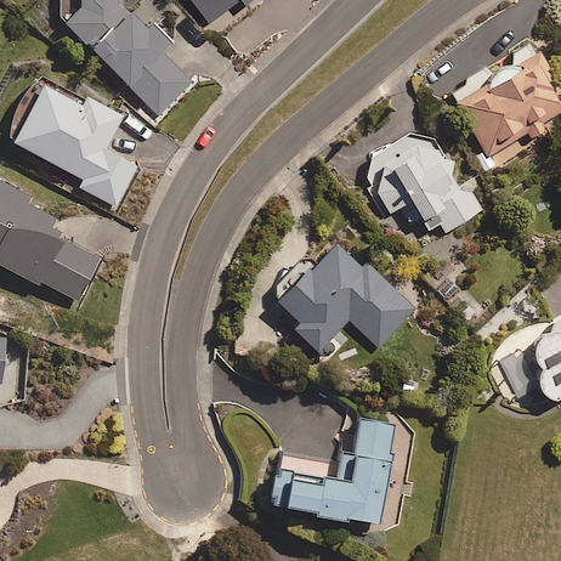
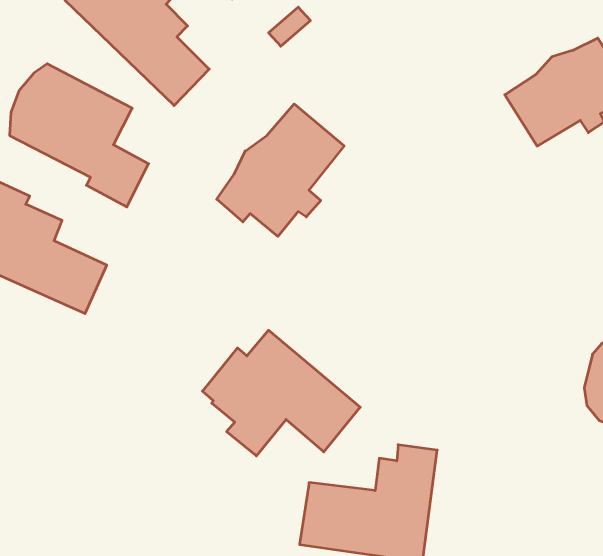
building: none -> [217,104,344,236]
building: [369,132,481,233] -> none
building: [273,239,415,352] -> [202,330,360,456]

